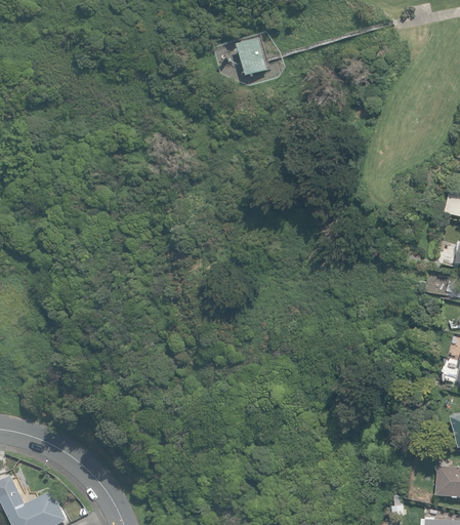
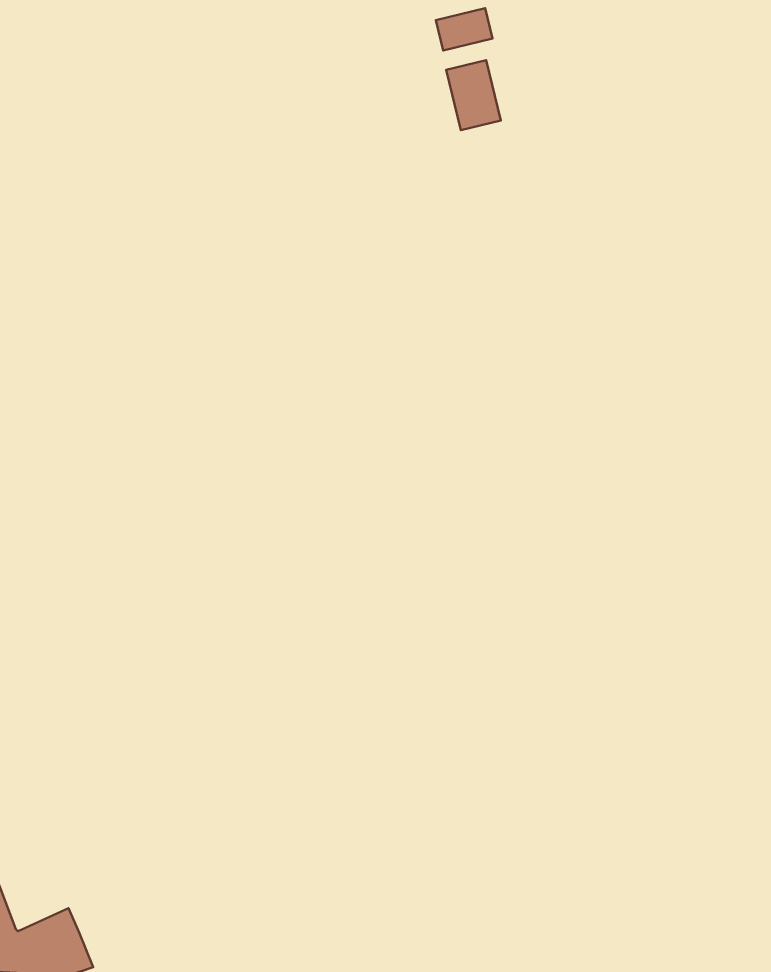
building: none -> [436,8,493,51]

